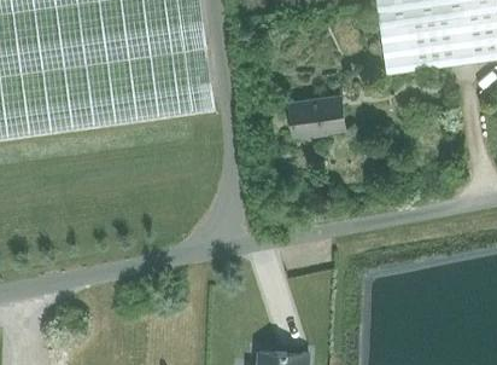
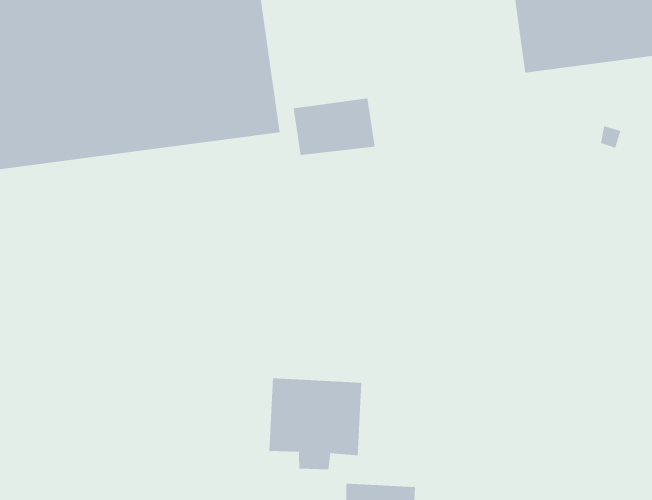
building: [290,94,346,134] -> [293,98,375,156]
building: none -> [269,378,362,470]

